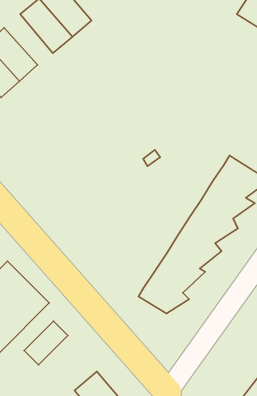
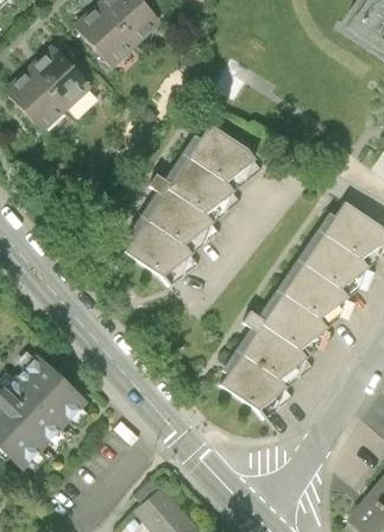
building: none -> [121,126,248,272]
building: [24,321,68,365] -> none

